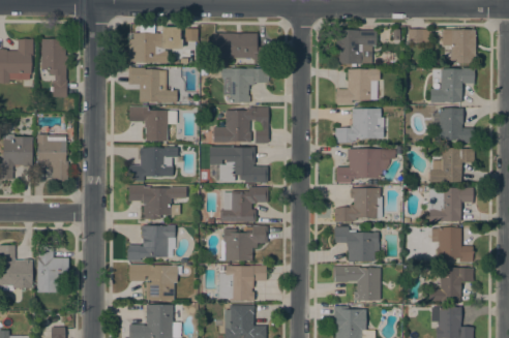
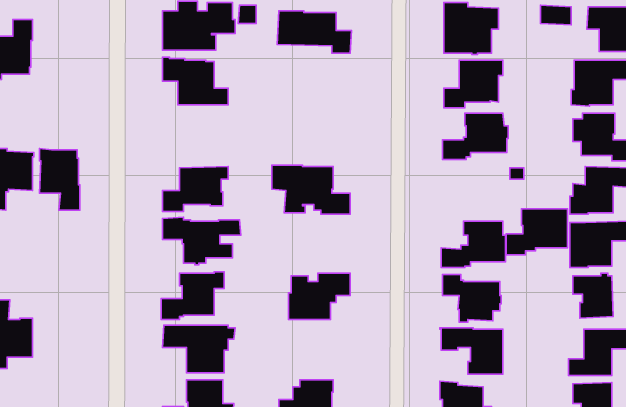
building: [41,38,67,96] -> none
building: [221,67,269,103] -> none
building: [131,105,176,141] -> none
building: [213,106,268,143] -> none
building: [336,148,382,182] -> [506,209,568,255]
building: [220,186,268,222] -> none
building: [37,250,68,291] -> none
building: [217,265,266,301] -> none

